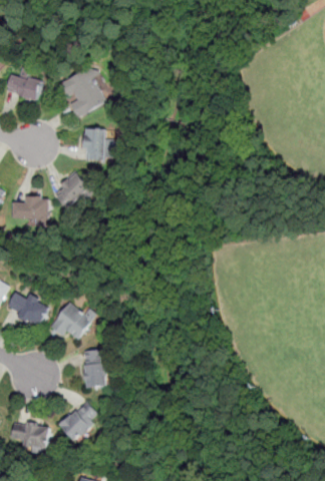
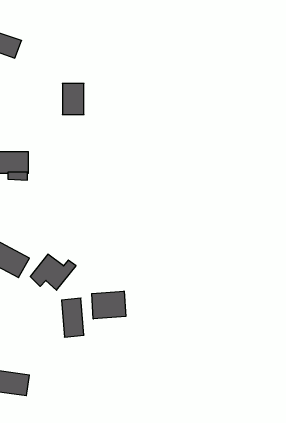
building: [61,67,108,116] -> none
building: [52,170,90,208] -> none
building: none -> [92,291,126,319]
building: [58,399,100,441] -> none

